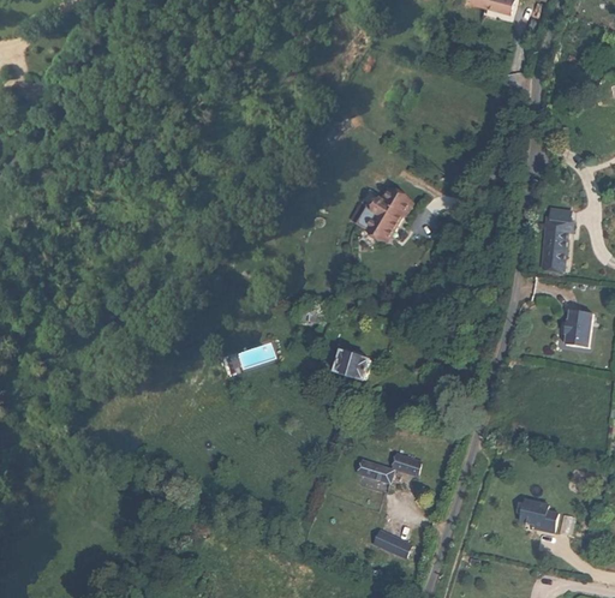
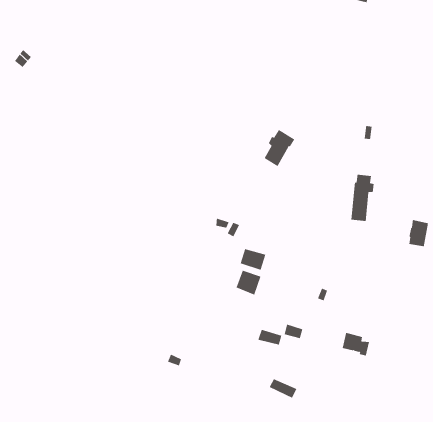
building: [539,209,572,274] -> [351,174,374,222]
building: none -> [236,270,261,296]
building: [518,497,556,530] -> [342,332,370,356]

